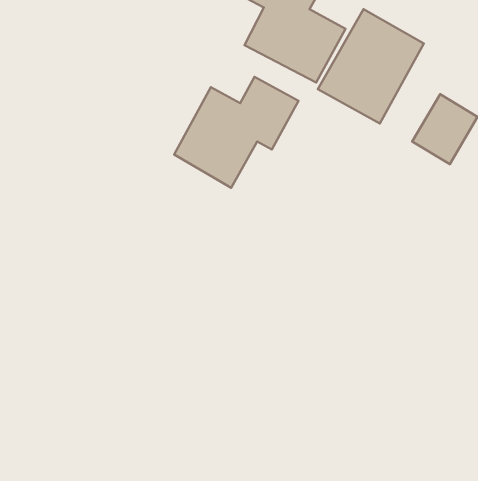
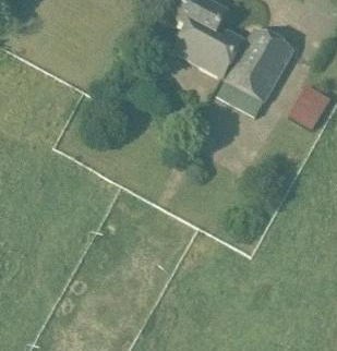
building: [174,77,298,188] -> none

